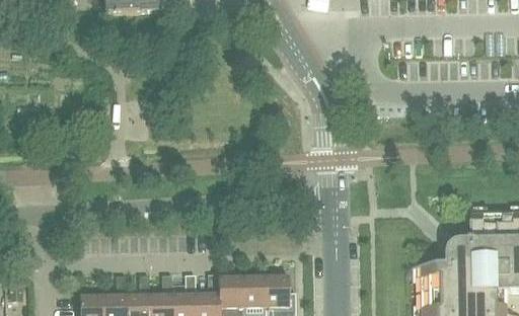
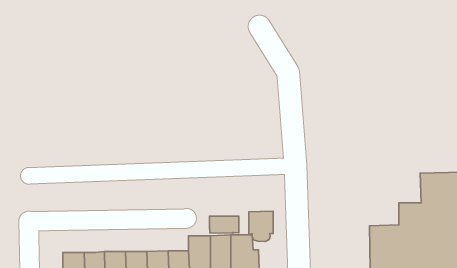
building: none -> [249,211,273,242]
building: none -> [209,216,239,233]

